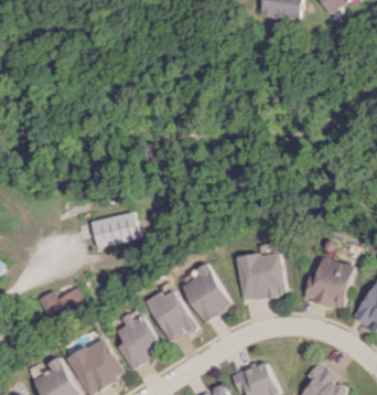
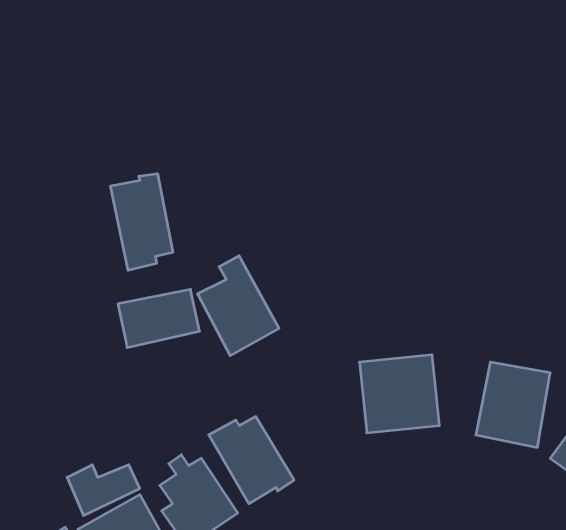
building: none -> [111,174,173,270]
building: [181,261,230,322] -> [197,256,279,356]
building: [35,290,79,321] -> [67,465,140,516]

